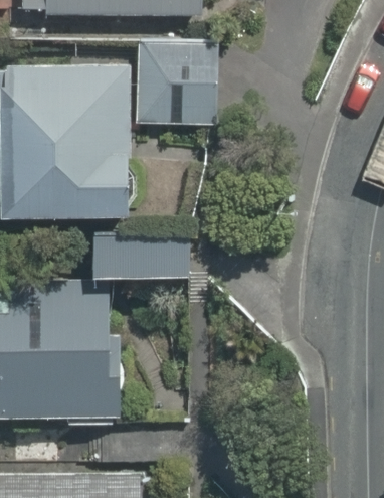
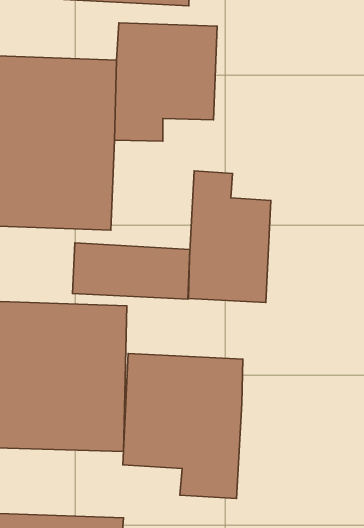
building: none -> [188,171,271,302]
building: none -> [123,354,243,499]

